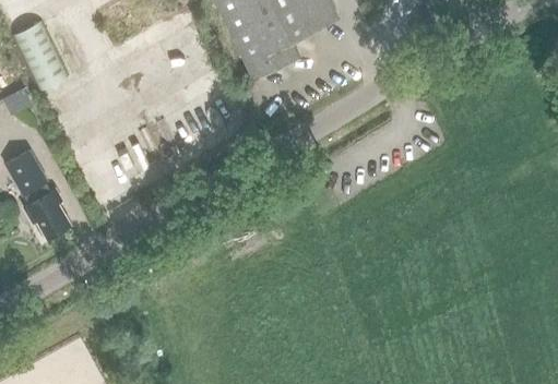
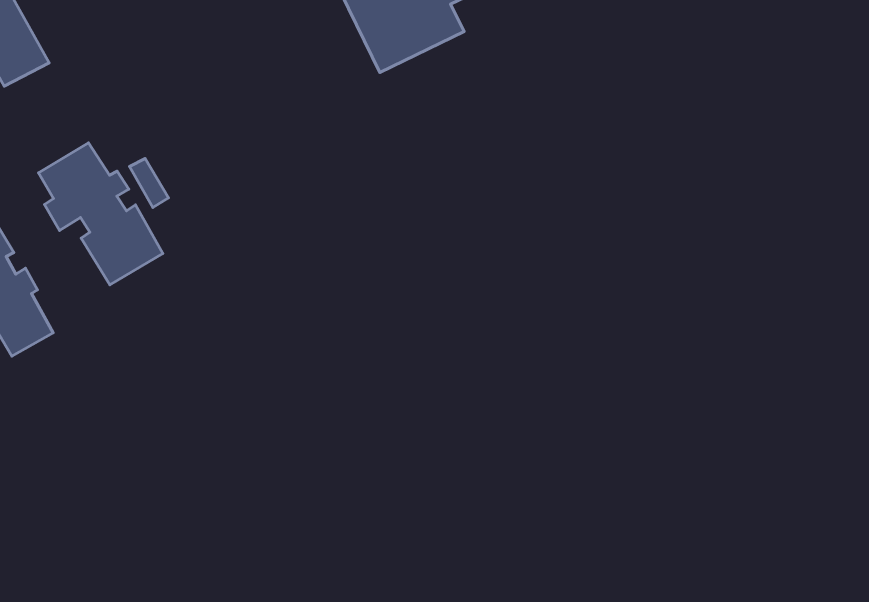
building: none -> [38,143,163,285]

